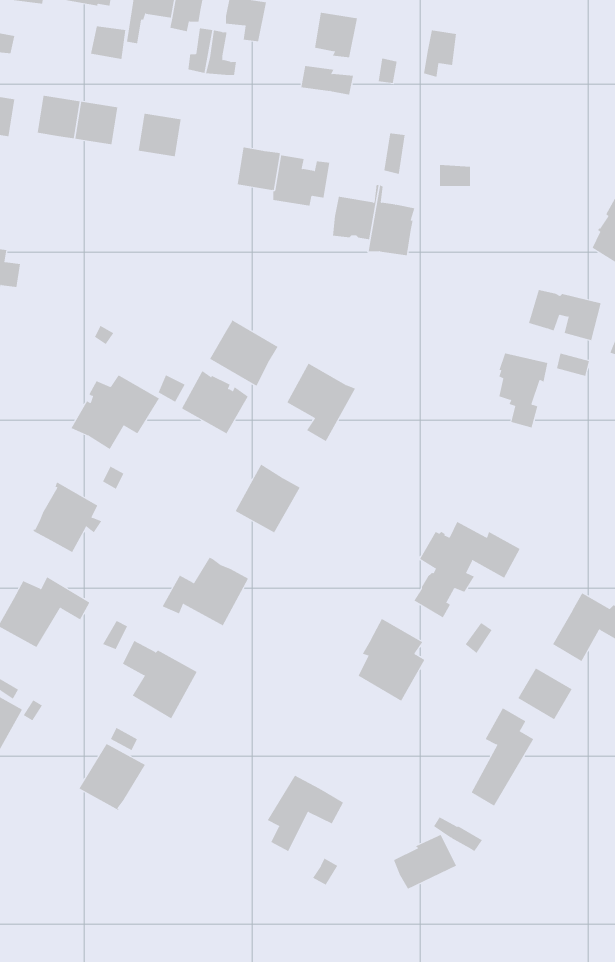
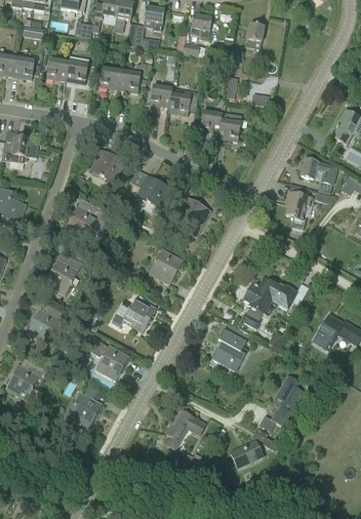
building: none -> [118,70,141,92]
building: [181,369,248,434] -> [90,148,125,182]
building: [517,667,573,720] -> none

